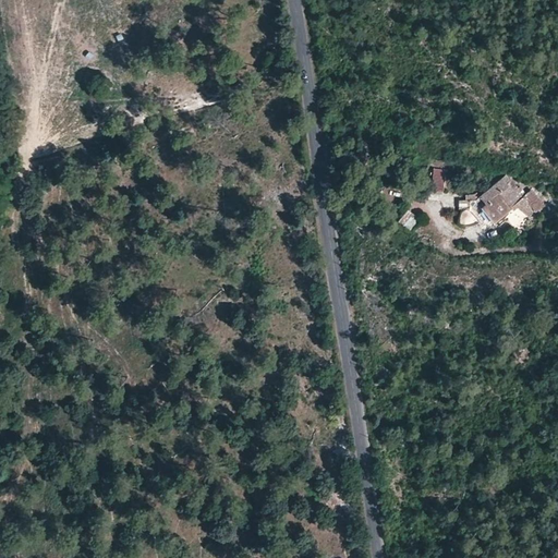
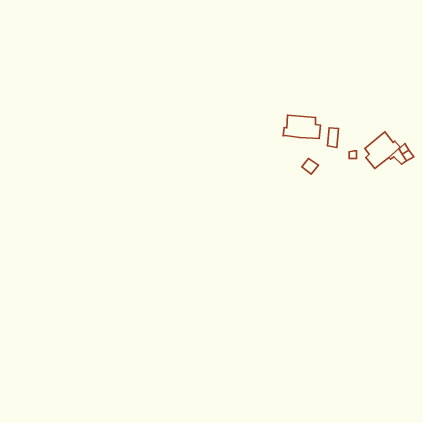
building: none -> [283,115,321,138]

